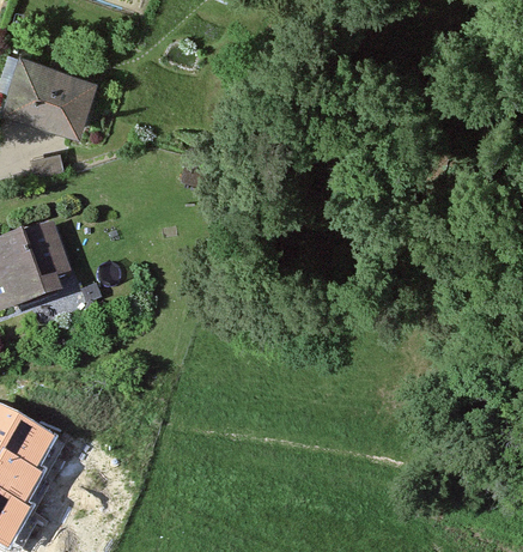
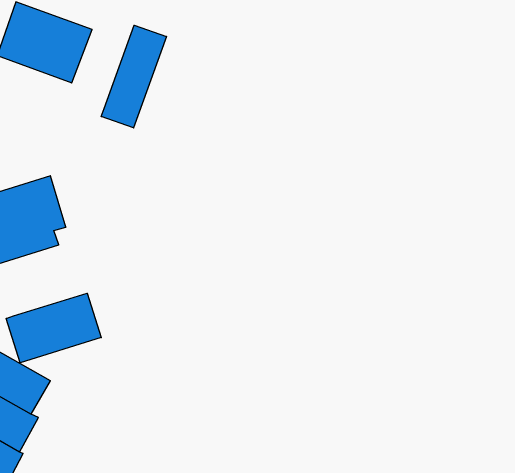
building: none -> [101,25,166,128]
building: none -> [6,293,101,363]

